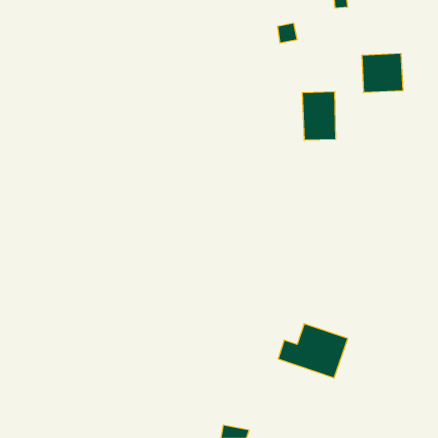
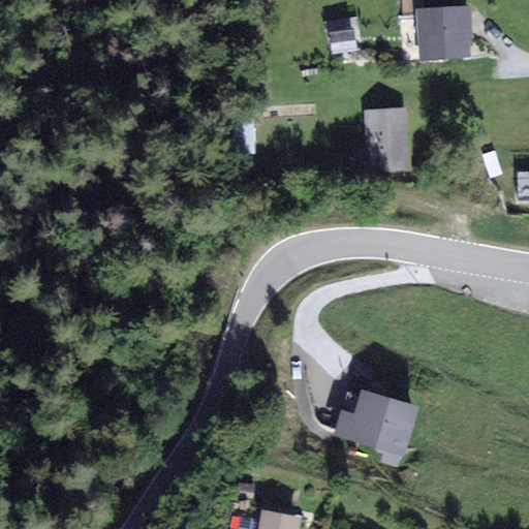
building: [362,54,403,92] -> [419,8,469,55]

